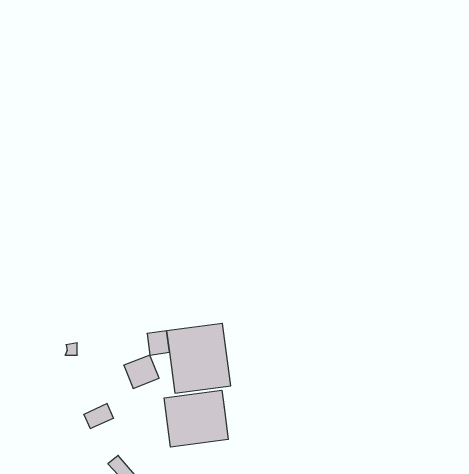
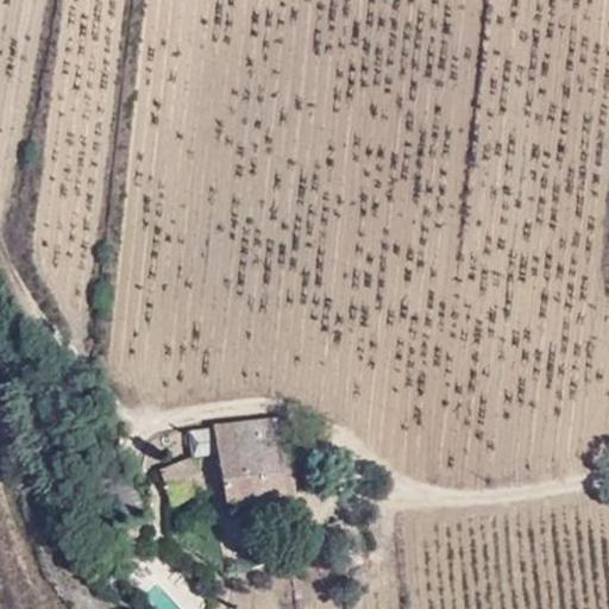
building: [164,390,228,447] -> none

